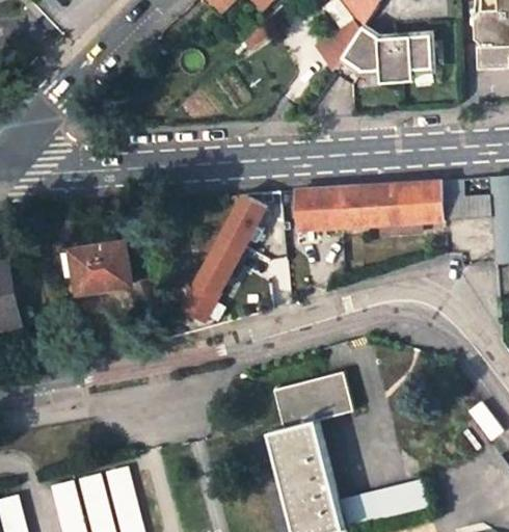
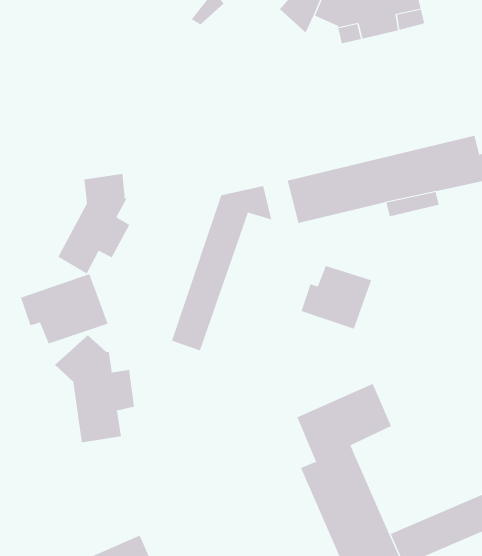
building: none -> [57,173,130,274]
building: none -> [301,265,372,329]
building: none -> [54,334,135,443]

